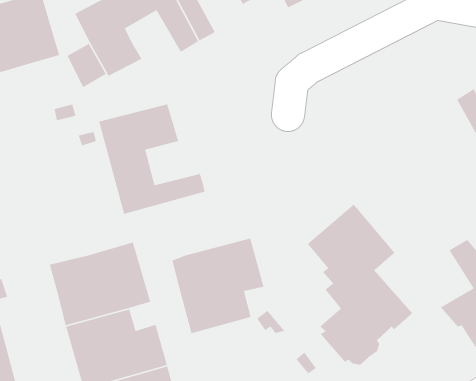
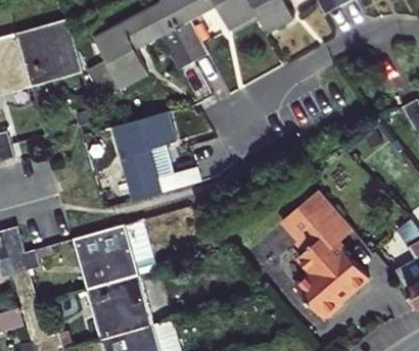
building: [171,238,264,334] -> none

